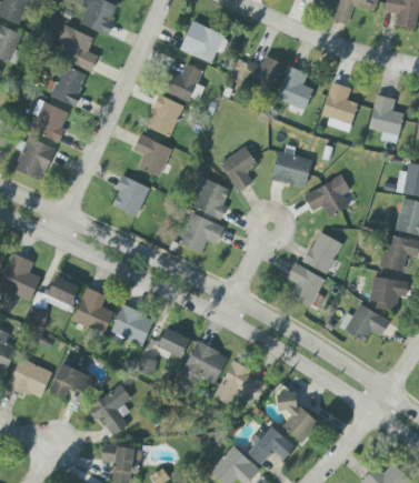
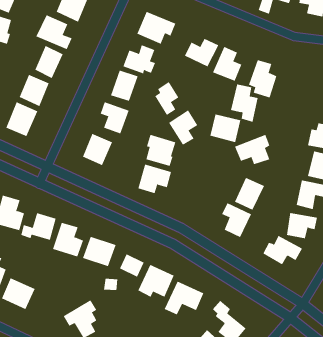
building: [368,94,403,143] -> [230,84,258,122]
building: none -> [155,81,179,116]
building: [50,363,96,398] -> none

